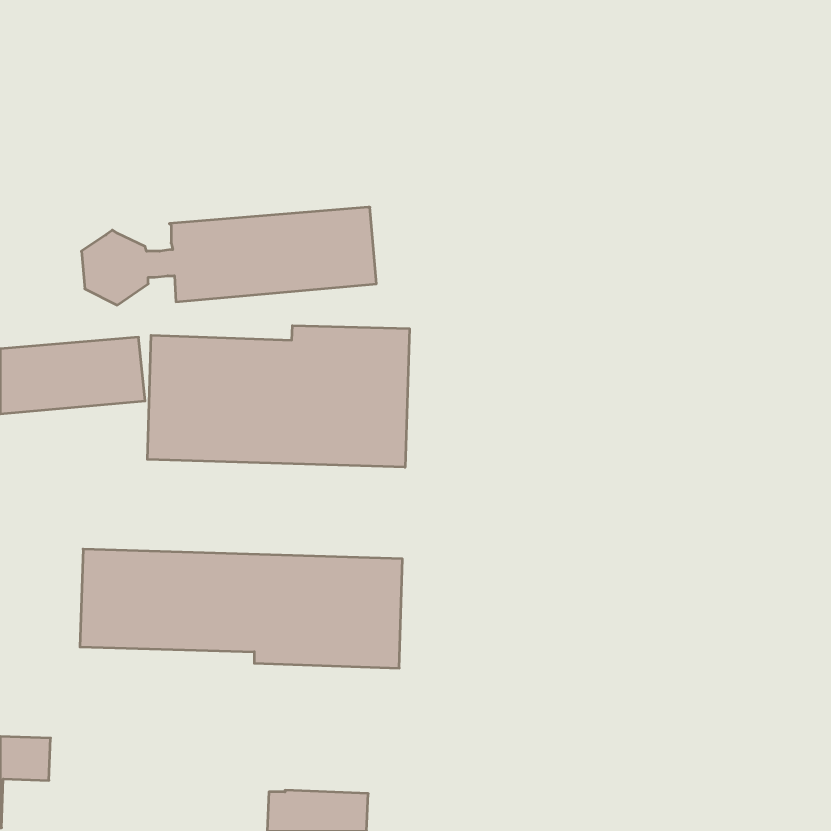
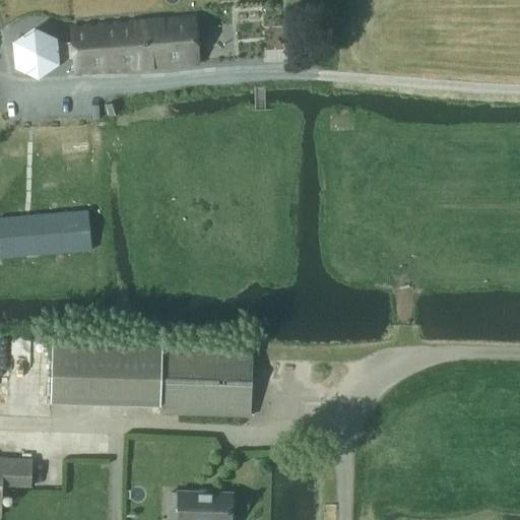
building: [81,207,376,305] -> [15,16,199,77]
building: [147,326,409,467] -> none

